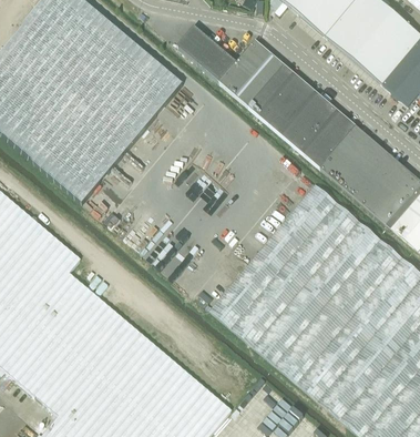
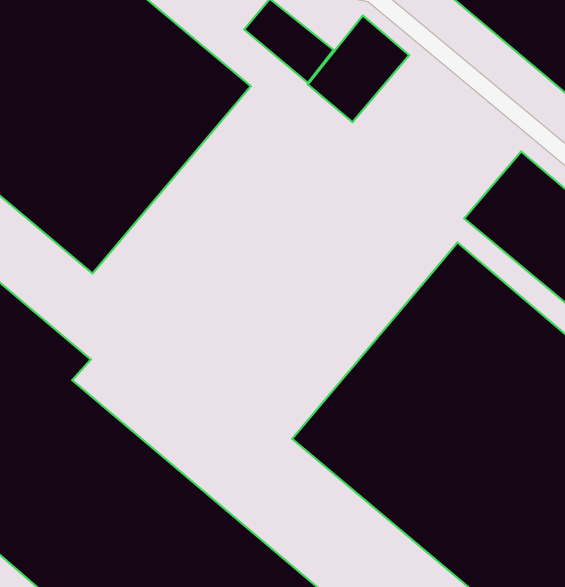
building: [248,62,357,167] -> none

